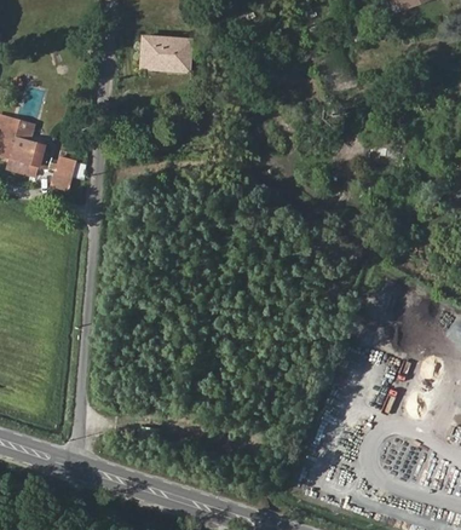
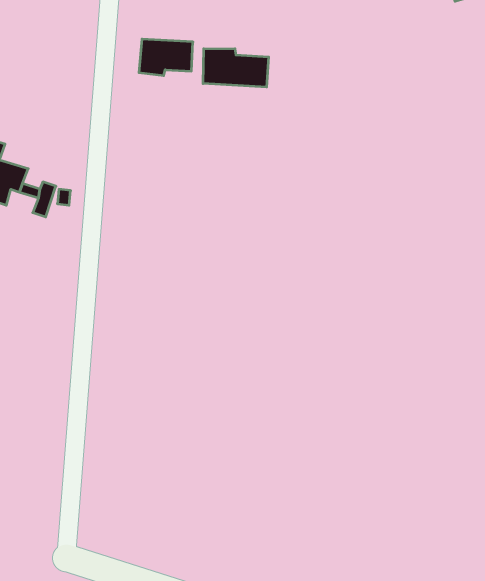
building: none -> [203,49,269,87]

